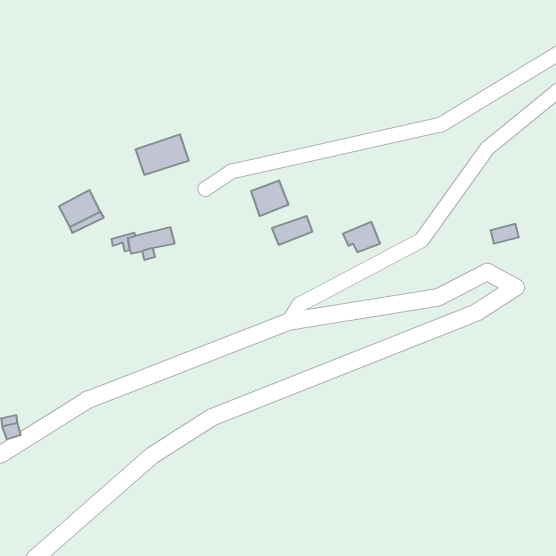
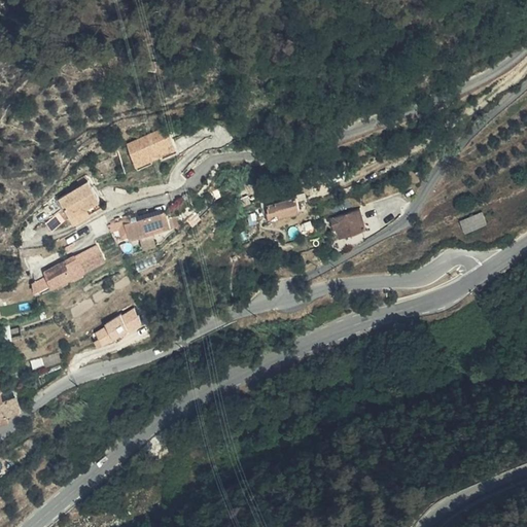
building: [251,180,288,216] -> none
building: none -> [39,244,100,283]
building: none -> [98,308,146,345]

